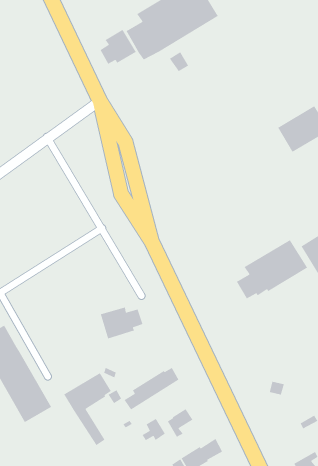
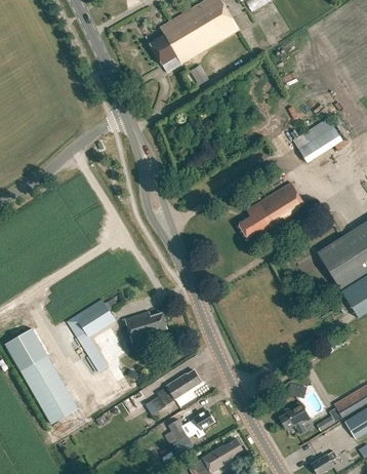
building: [99,29,137,65] -> none
building: [236,239,308,300] -> [238,183,308,241]
building: [63,372,112,446] -> [67,300,114,371]
building: none -> [279,401,310,433]

